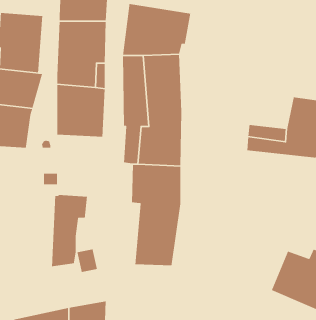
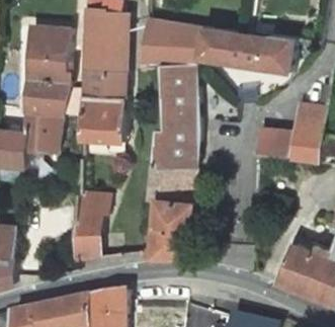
building: none -> [199,27,296,70]

